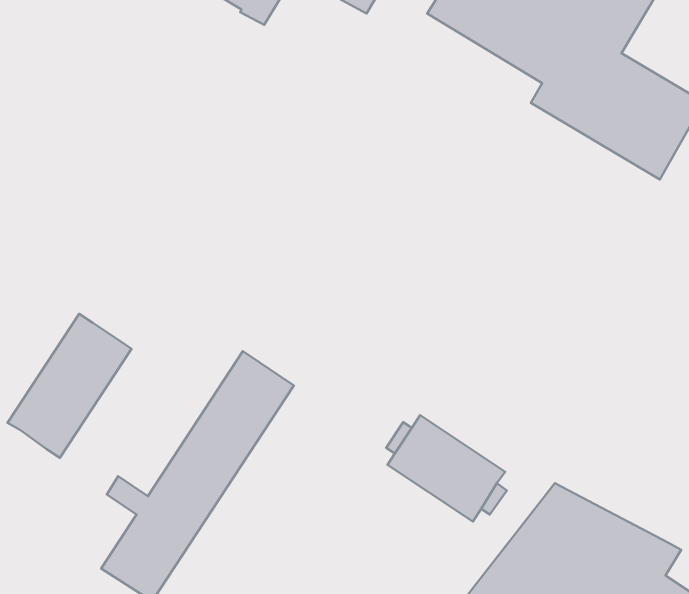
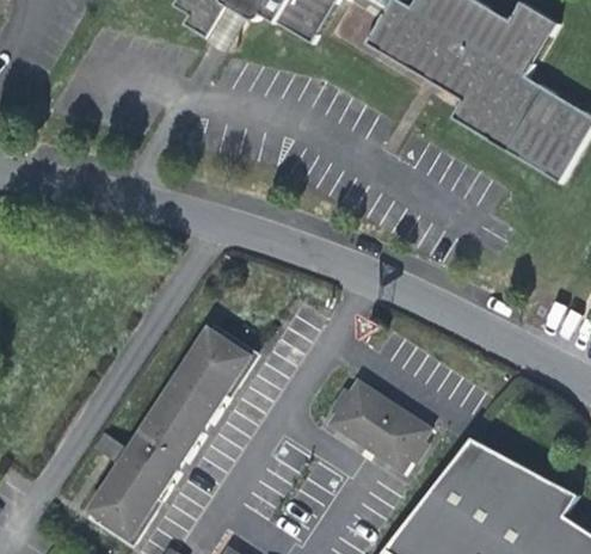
building: [7,314,132,458] -> none

